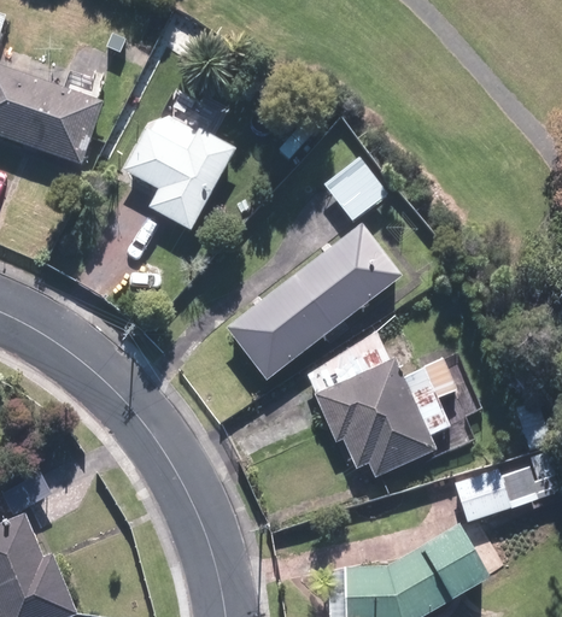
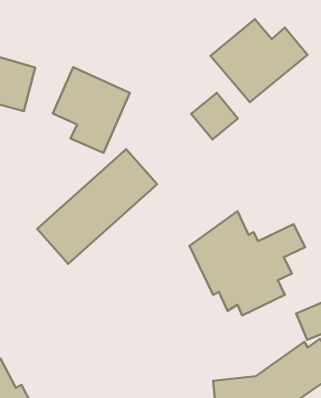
building: none -> [211,19,308,102]
building: [224,224,400,382] -> [37,149,157,264]

